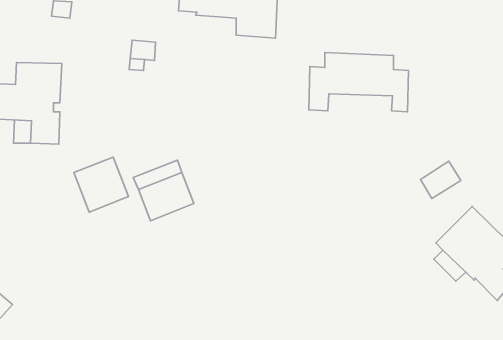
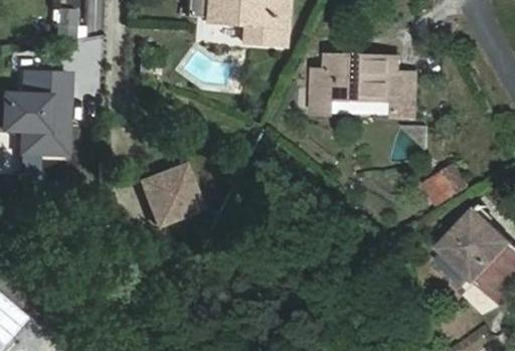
building: [74,157,128,212] -> none

